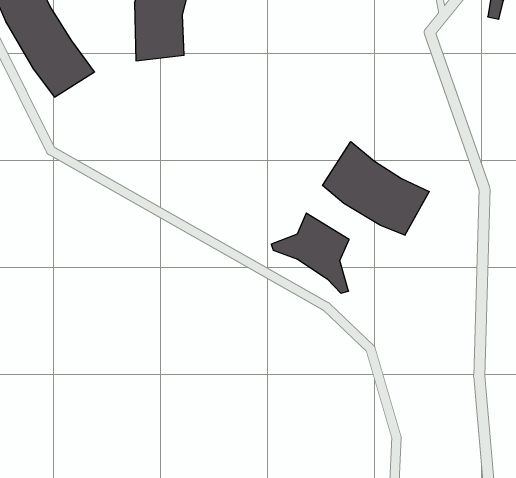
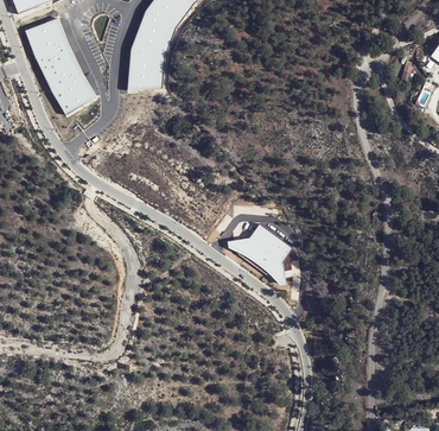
building: [323,142,429,235] -> none

